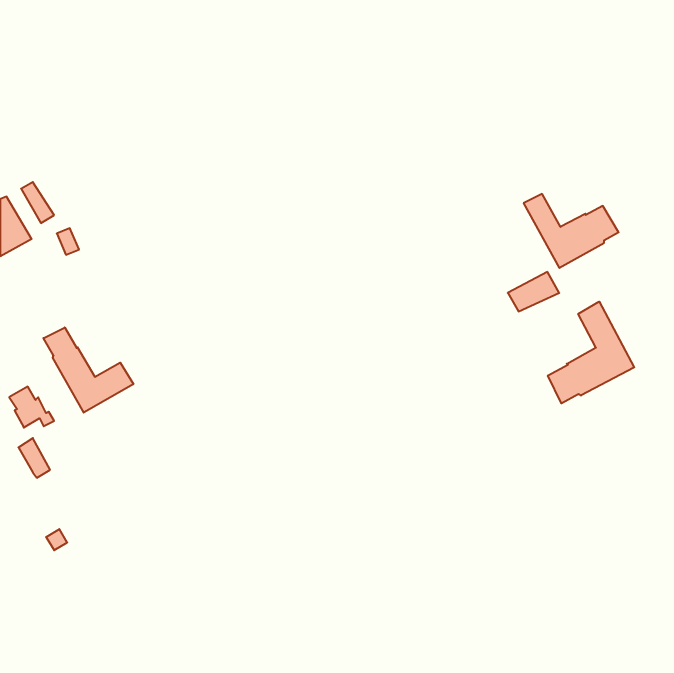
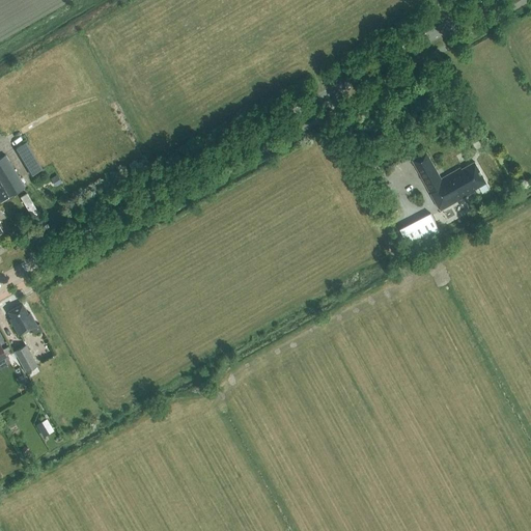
building: [548,302,634,403] -> none
building: [43,327,133,413] -> none

